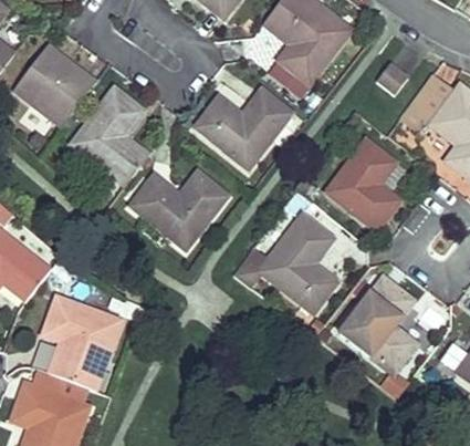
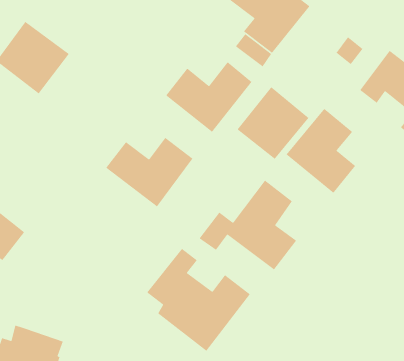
building: [72,85,149,183] -> none
building: none -> [237,86,310,160]
building: [340,276,417,374] -> none
building: none -> [146,248,251,352]
building: [40,298,117,388] -> none

